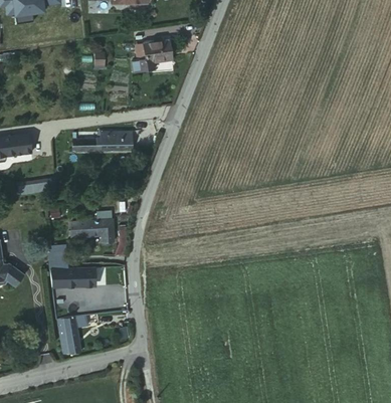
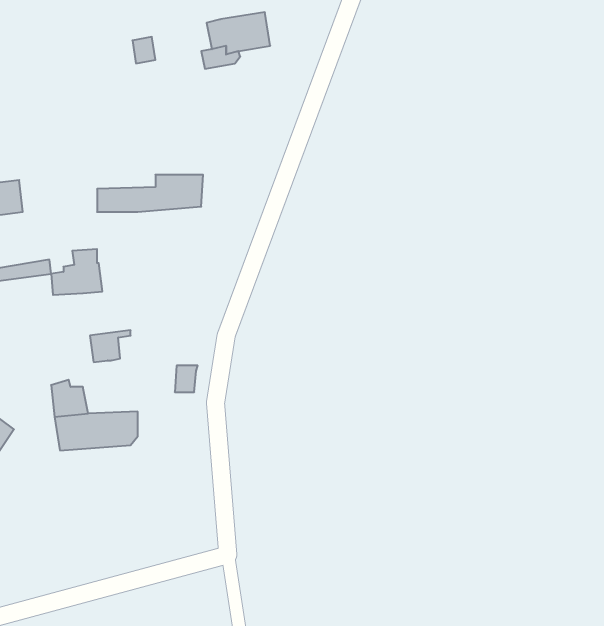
building: [84,210,114,236] -> [51,249,102,295]
building: [58,319,79,353] -> none

